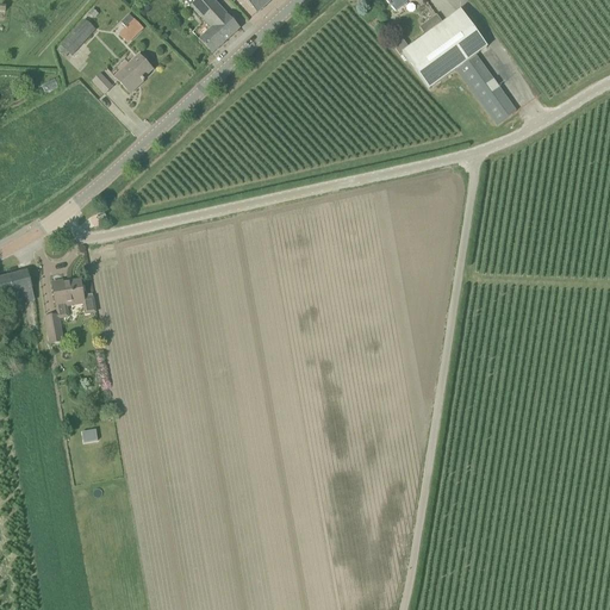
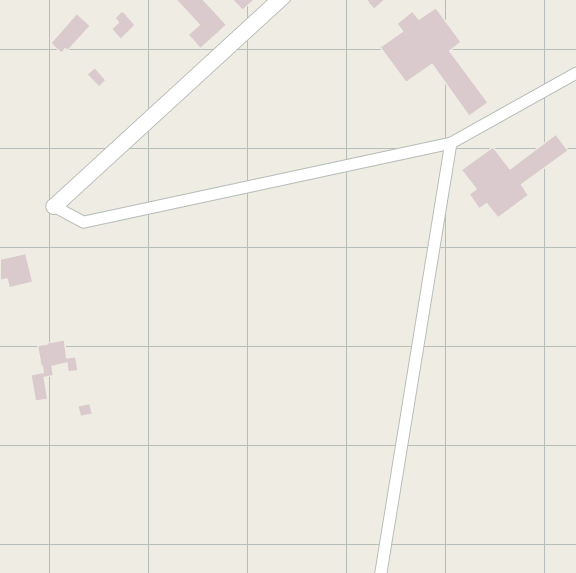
building: [114,52,152,92] -> none
building: none -> [461,134,568,218]
building: [45,278,95,342] -> [31,340,78,401]

